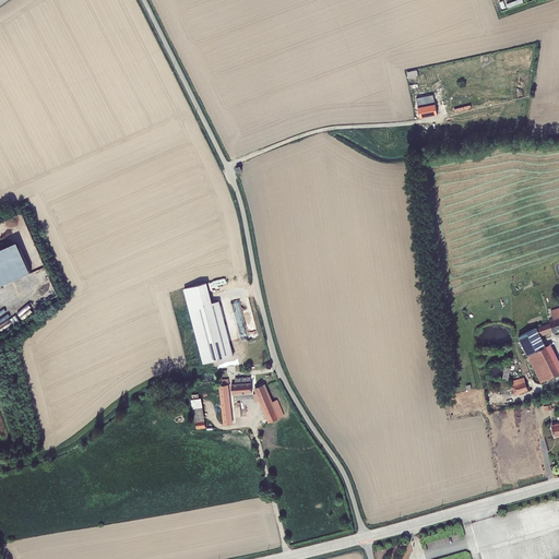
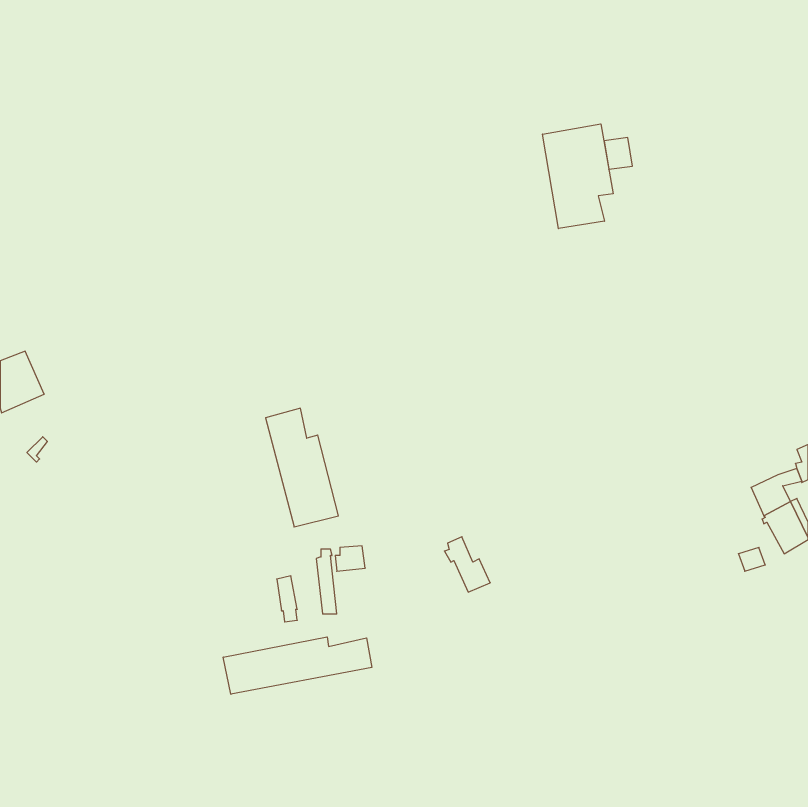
building: none -> [543,124,613,229]
building: [252,385,284,424] -> [444,537,490,592]
building: none -> [223,637,372,694]

